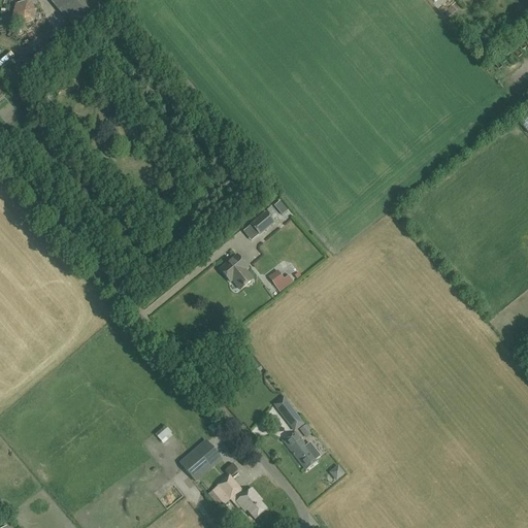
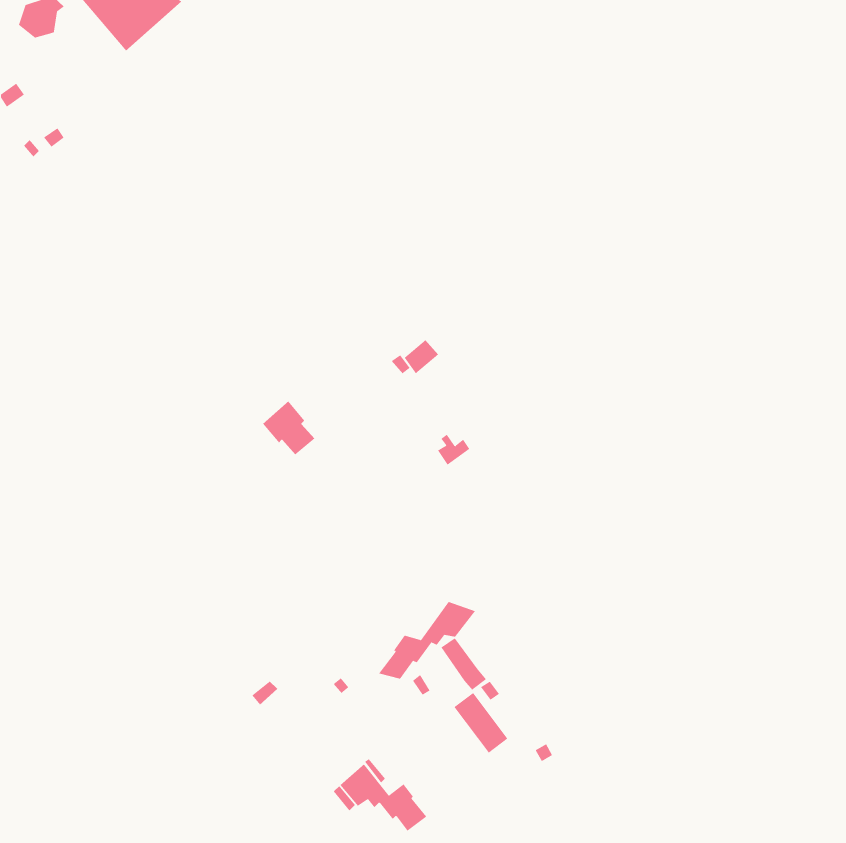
building: [220,254,253,288] -> [262,401,315,455]
building: none -> [378,601,476,680]
building: [179,438,222,478] -> none

